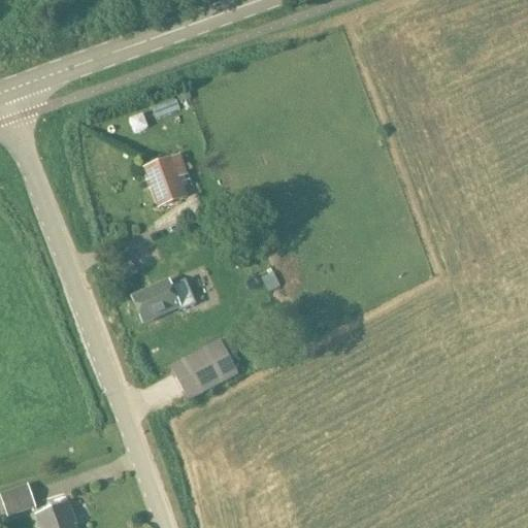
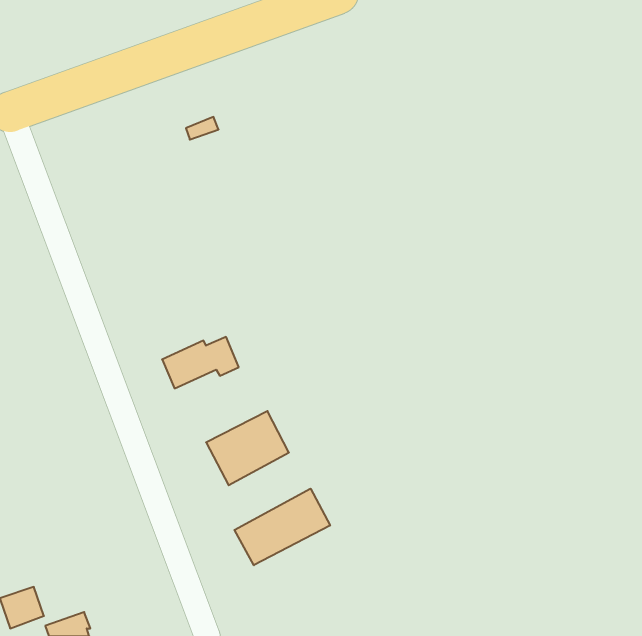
building: [144,154,187,204] -> none
building: none -> [234,489,330,565]

